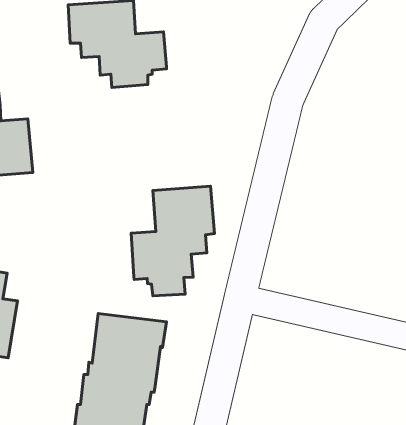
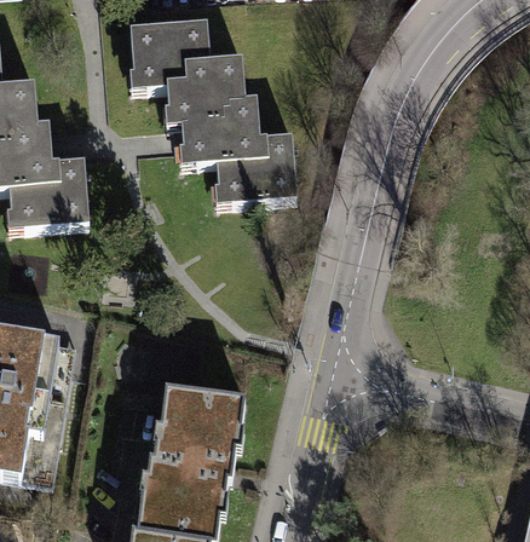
building: none -> [180,96,295,200]
building: [131,186,214,296] -> none

